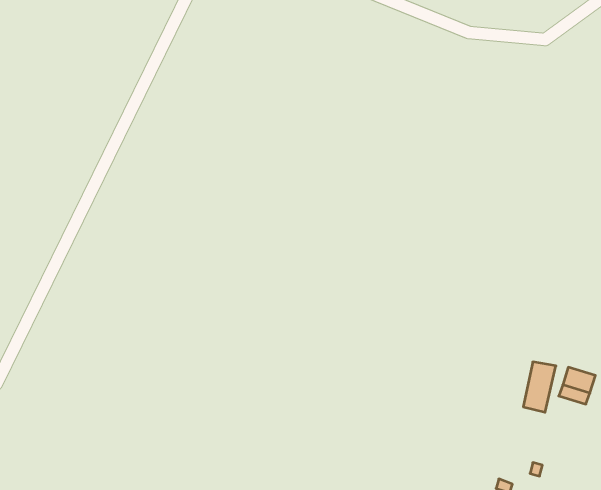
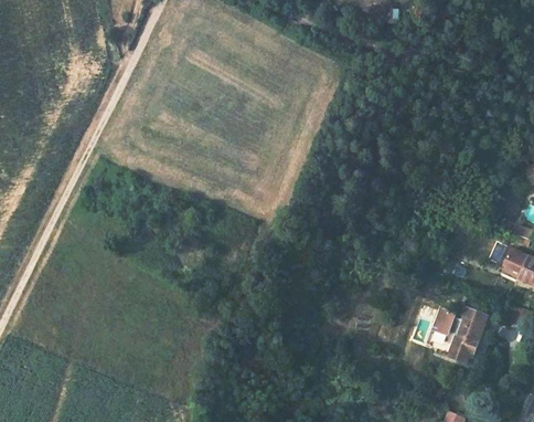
building: none -> [449,334,479,361]

